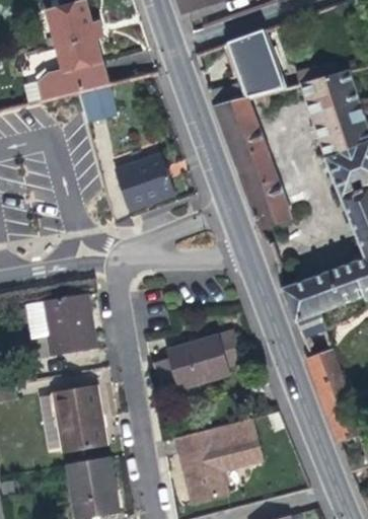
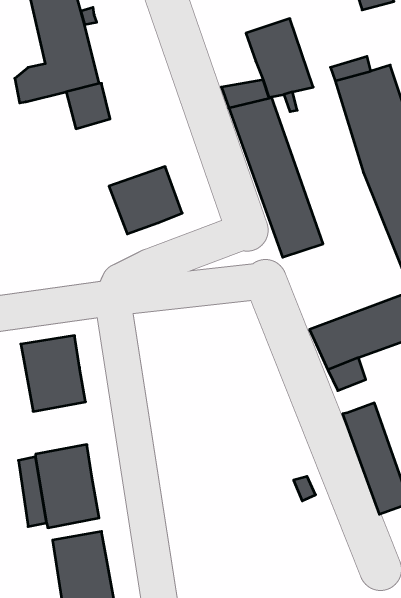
building: [155,329,243,387] -> none
building: [174,417,263,503] -> none

